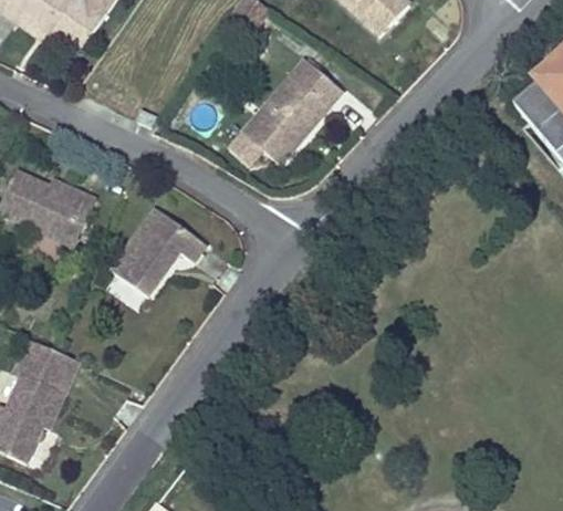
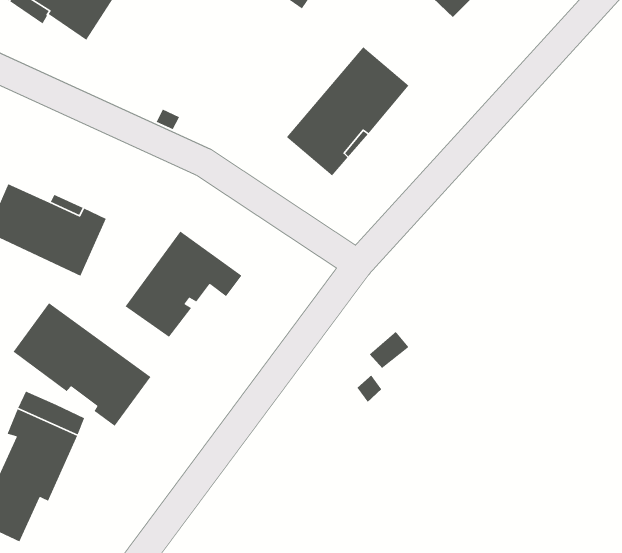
building: none -> [13,302,151,427]

